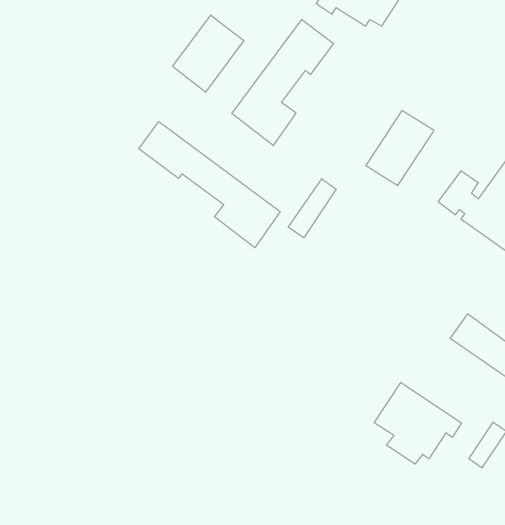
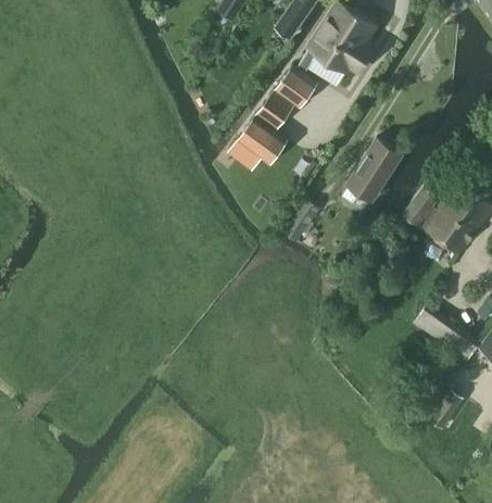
building: [173,15,244,92] -> none
building: [139,122,280,248] -> none
building: [374,382,461,464] -> none

